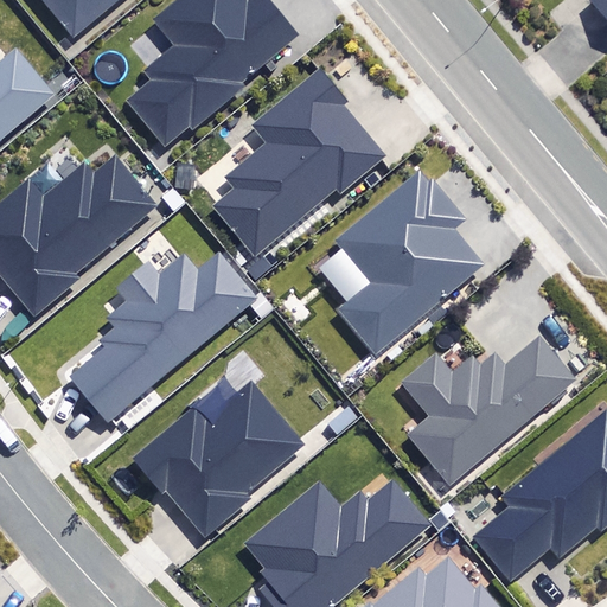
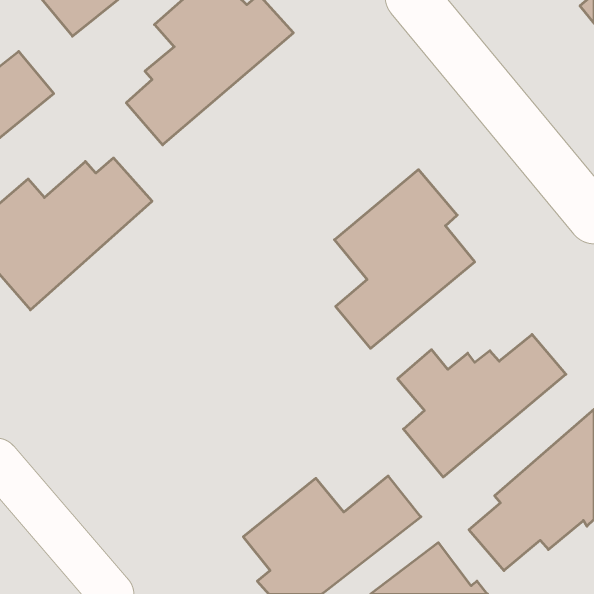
building: [216,72,383,255] -> none
building: [71,255,256,421] -> none
building: [135,384,301,532] -> none

